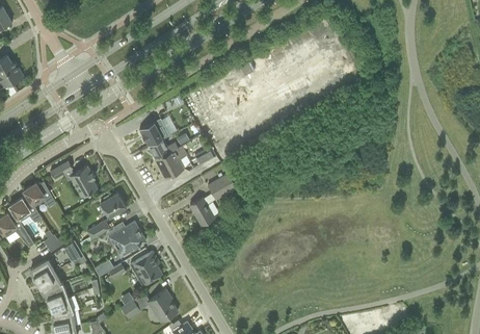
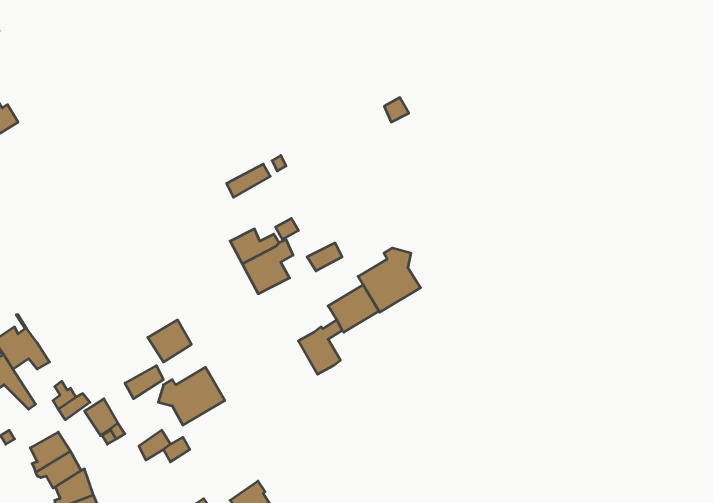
building: [139,119,169,147] -> none
building: none -> [358,248,421,312]
building: [50,161,98,197] -> none
building: [23,182,54,207] -> none
building: [131,252,161,285] -> none

